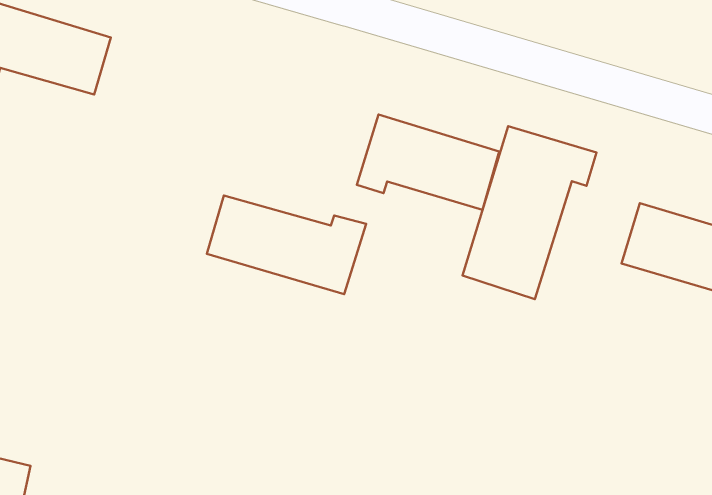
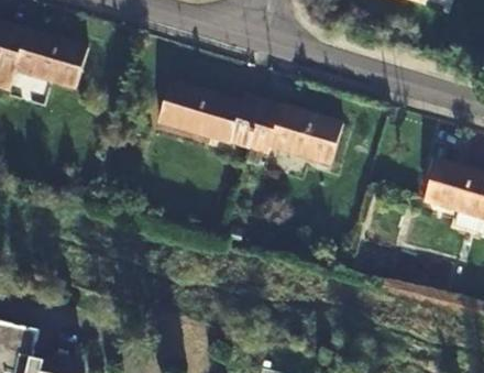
building: [462,126,596,299] -> none
building: [207,195,366,294] -> [158,84,263,149]

